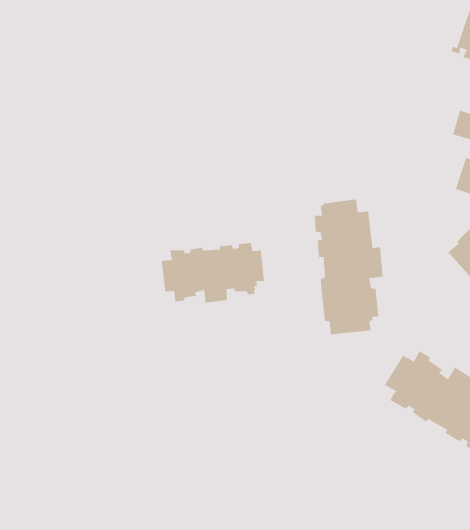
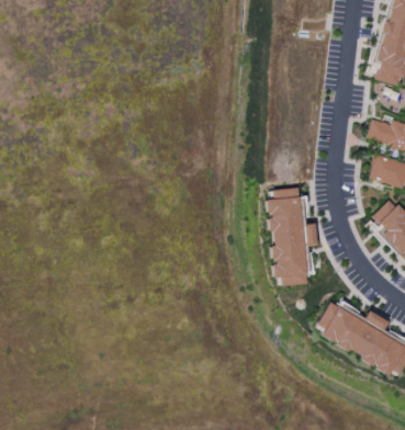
building: [161,242,265,303] -> none

